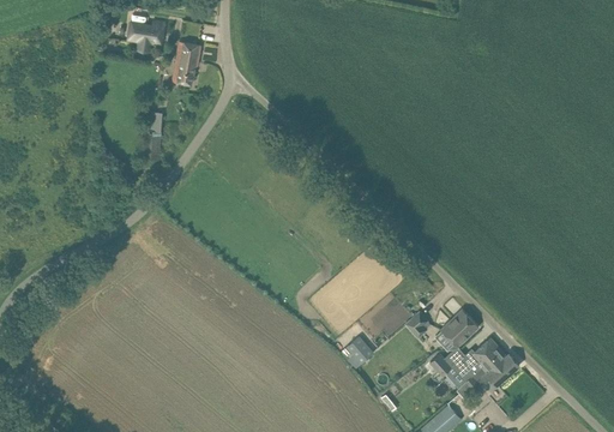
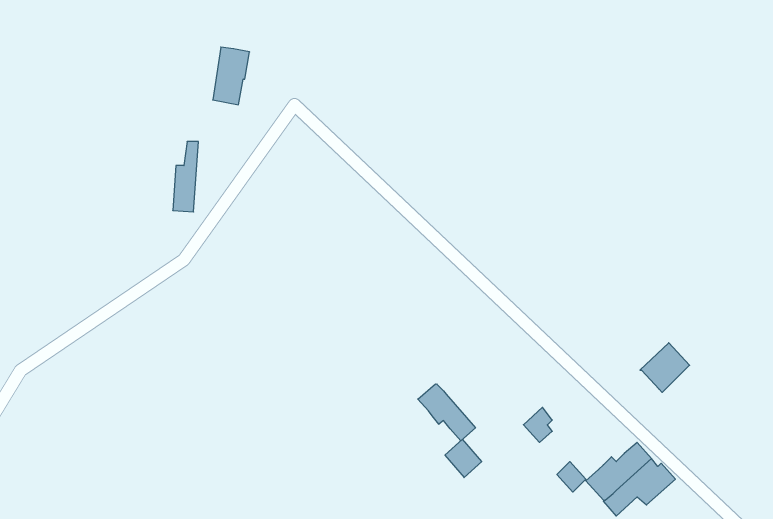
building: [127,22,165,47] -> none
building: none -> [418,384,475,441]
building: [440,310,477,347] -> [640,343,690,392]

